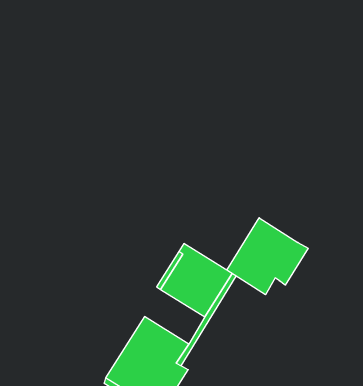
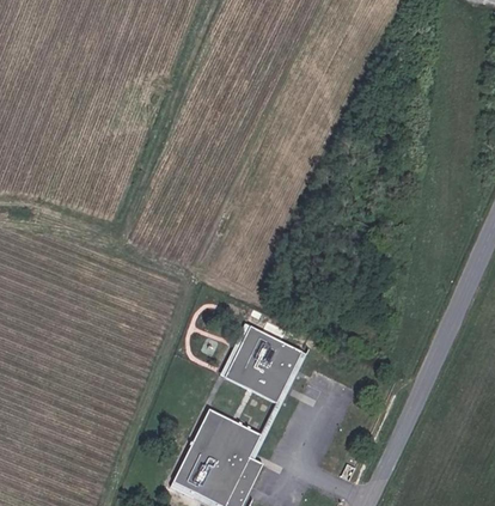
building: [227,218,308,295] -> none

